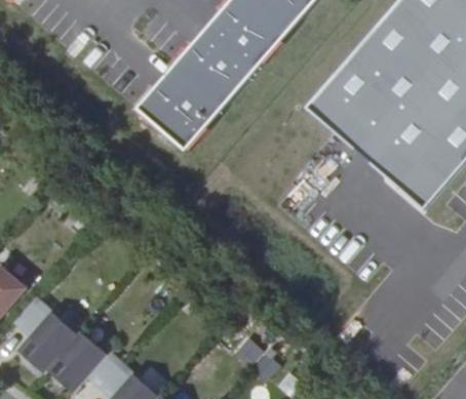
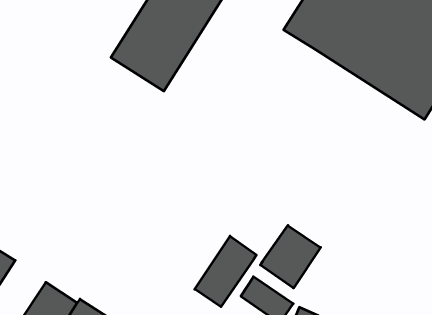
building: none -> [260,225,321,288]
building: none -> [195,236,256,307]

